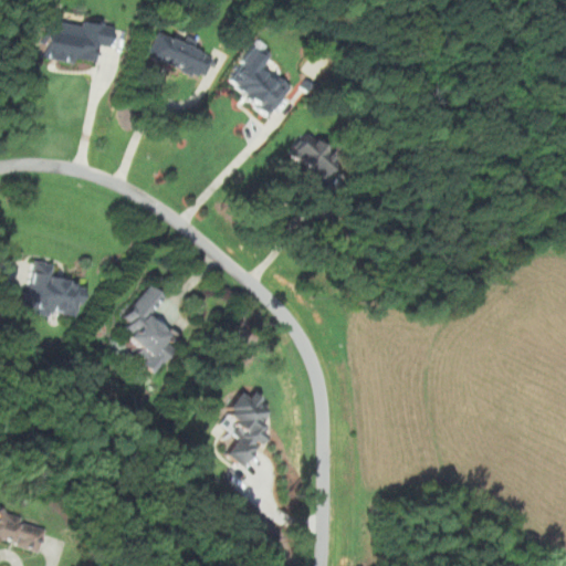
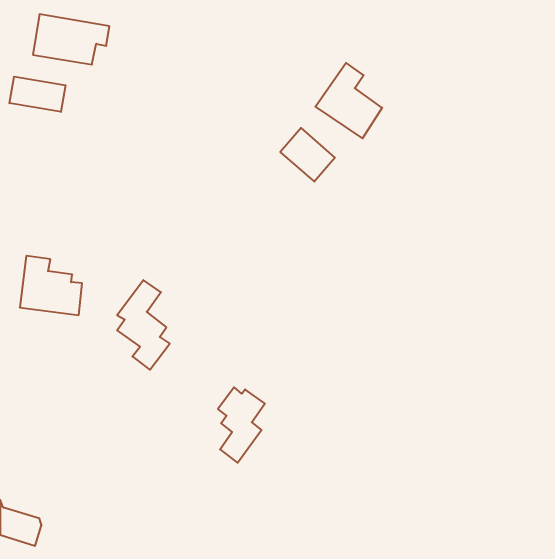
building: [146,32,216,82] -> none
building: [226,41,293,117] -> [315,63,382,138]
building: none -> [9,77,66,112]

